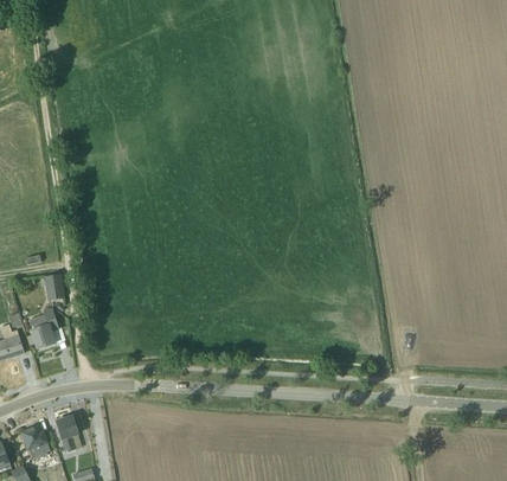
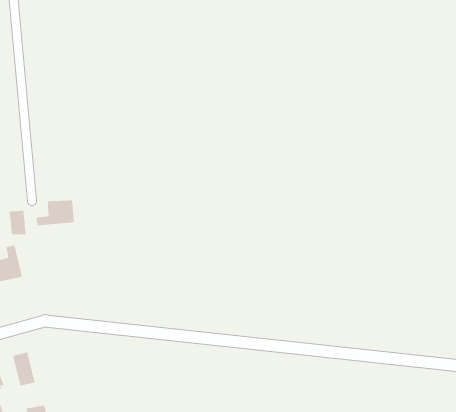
building: none -> [36,199,75,226]

